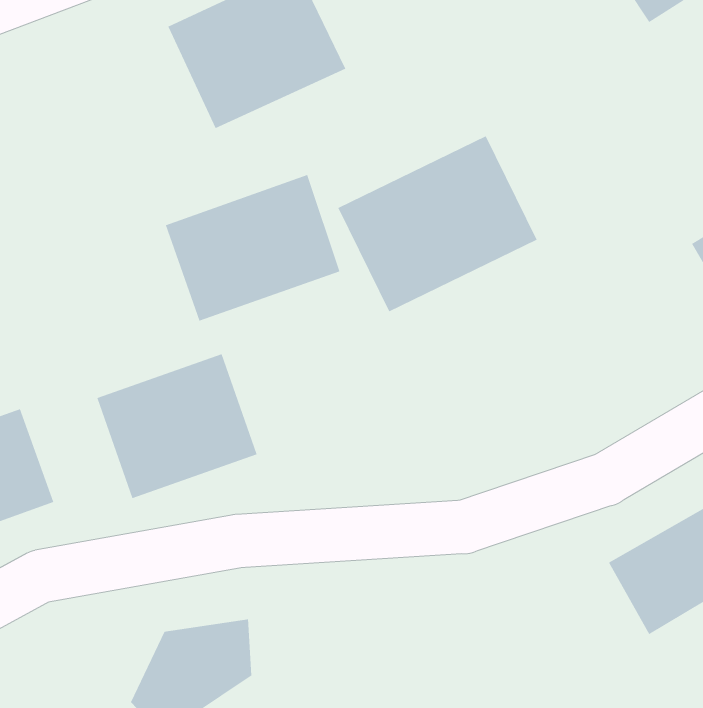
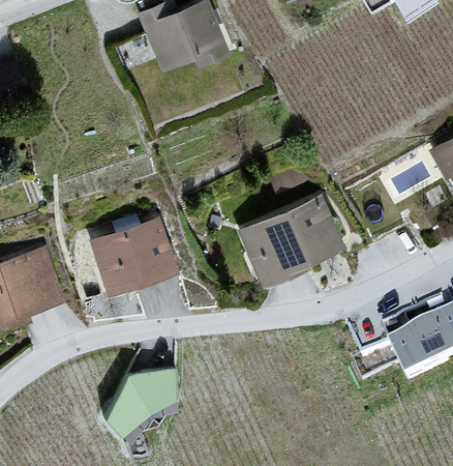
building: [338,135,537,312] -> [234,190,351,293]
building: [165,174,340,321] -> none

